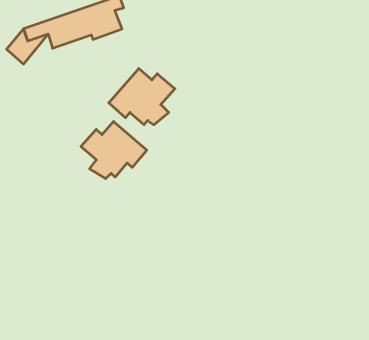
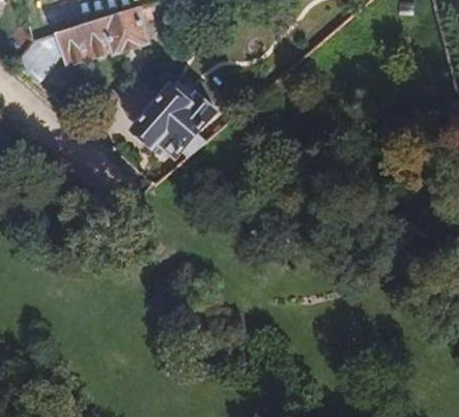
building: [81,121,147,179] -> none

